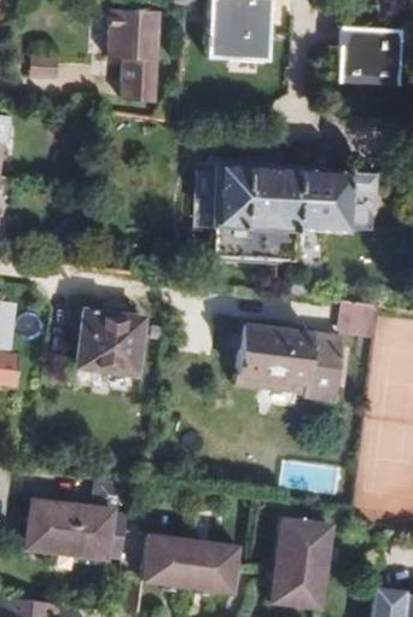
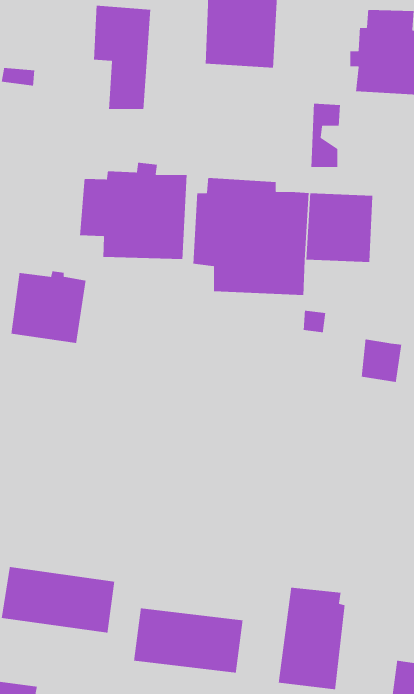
building: none -> [79,162,188,260]
building: [351,175,378,232] -> [310,103,341,168]
building: [77,309,144,373] -> [11,271,86,344]
building: [237,325,343,400] -> none

